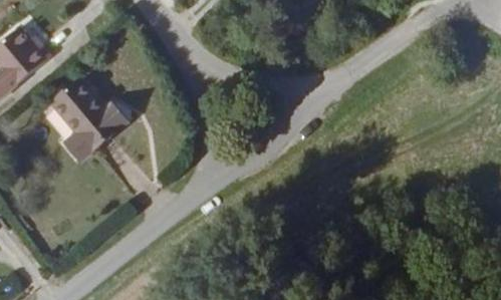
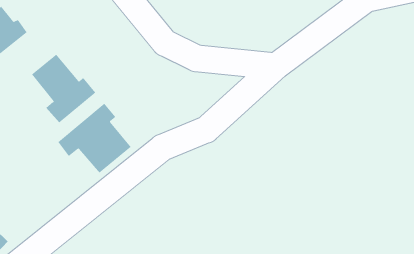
building: none -> [57,103,131,174]

